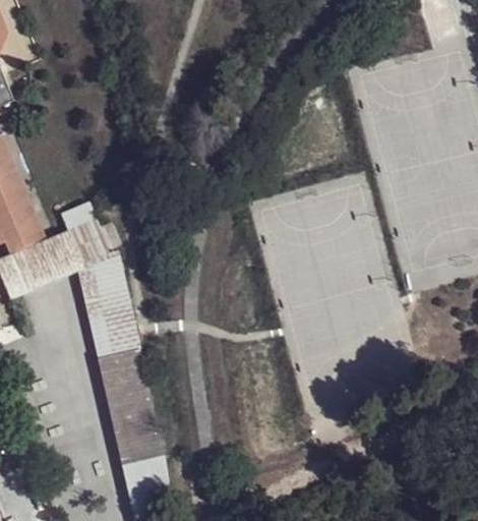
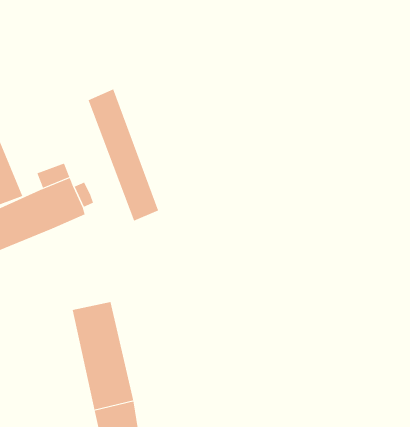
building: none -> [88,89,159,221]
building: [76,251,138,356] -> none

